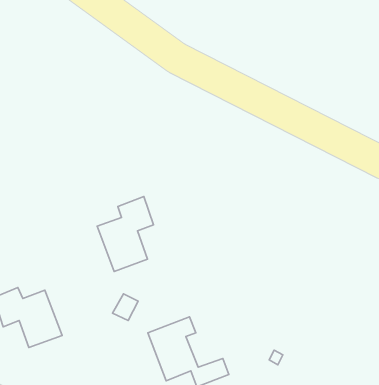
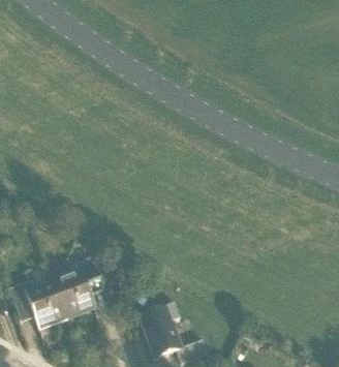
building: [97,197,153,271] -> [53,256,100,319]

